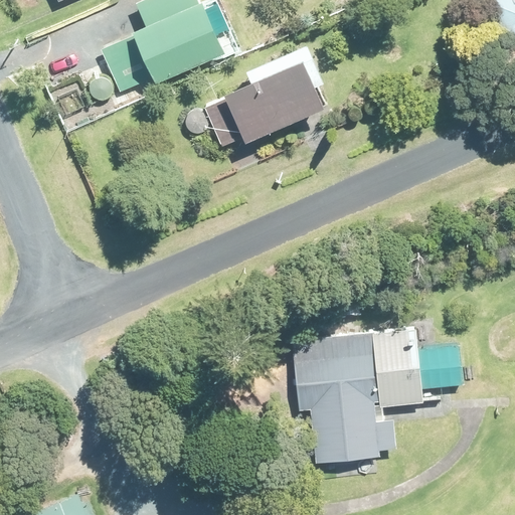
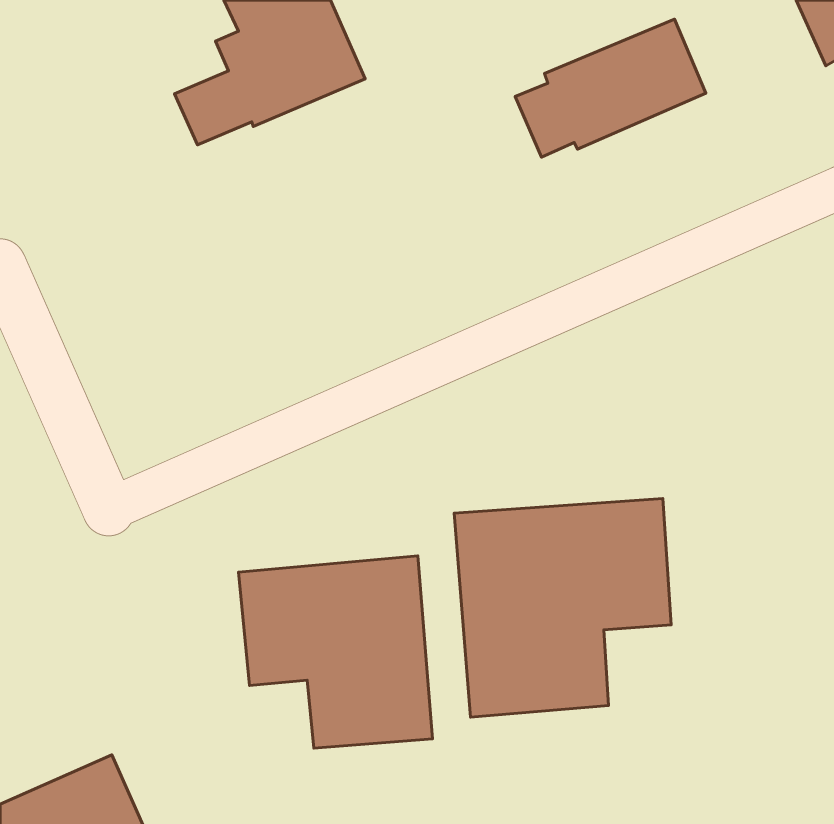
building: [210,65,327,150] -> [515,19,706,157]
building: none -> [239,556,433,748]

